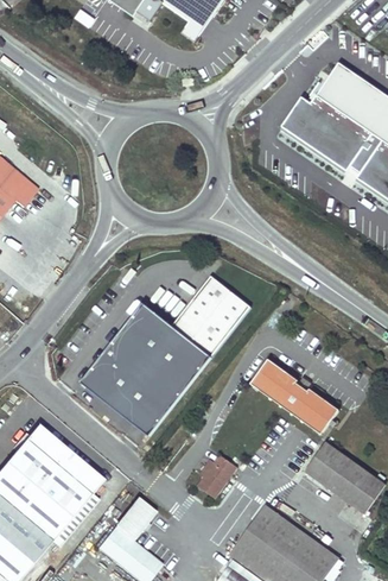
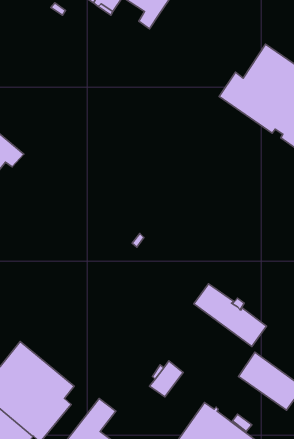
building: [82,276,253,437] -> none

